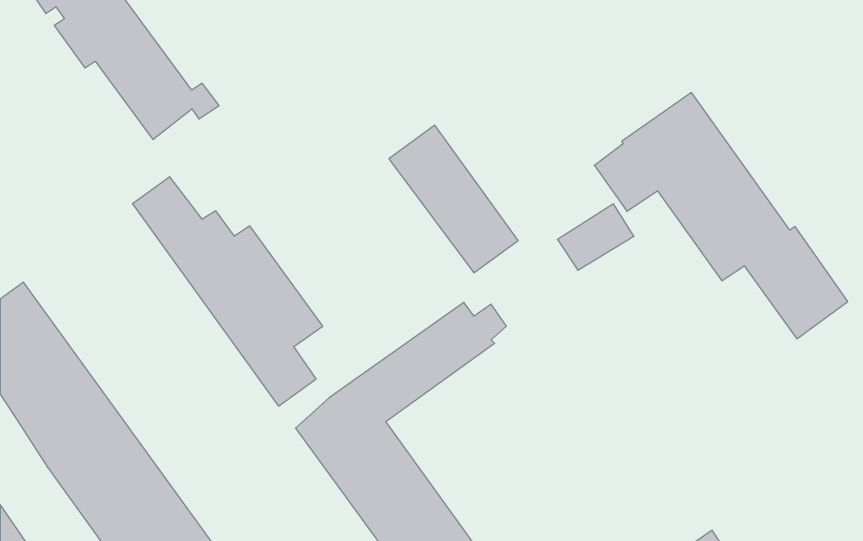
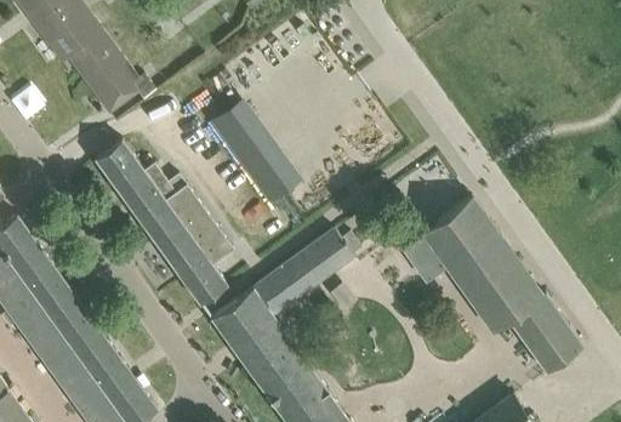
building: [594,92,848,339] -> [401,198,582,373]
building: [389,125,518,273] -> [207,96,300,201]

